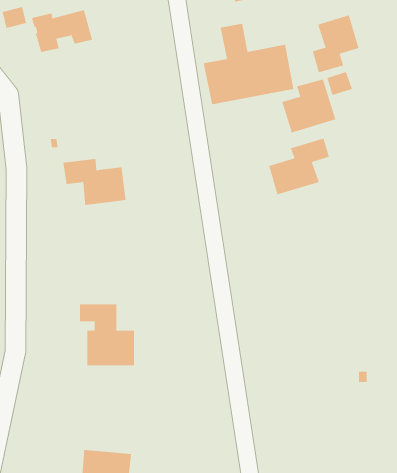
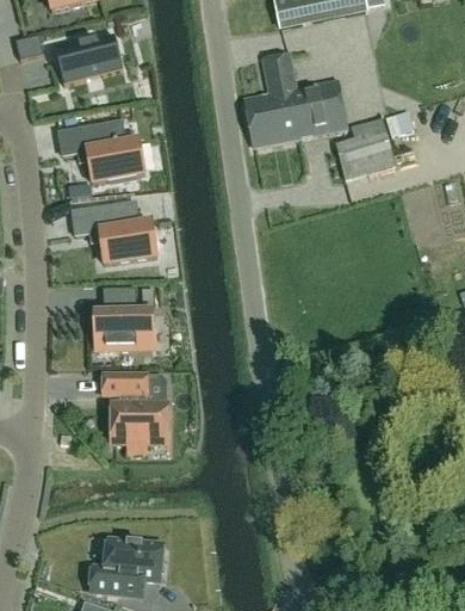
building: [312,15,359,73] -> none
building: none -> [57,119,144,183]
building: [268,138,329,195] -> none
building: none -> [95,288,151,351]

